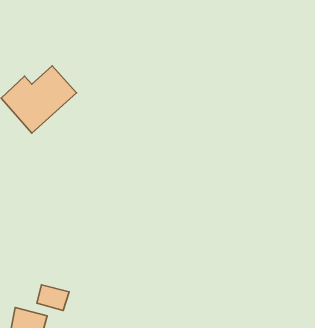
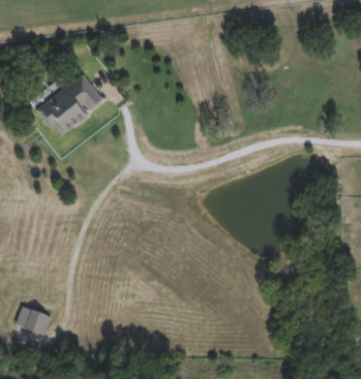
building: [37,285,69,311] -> none

